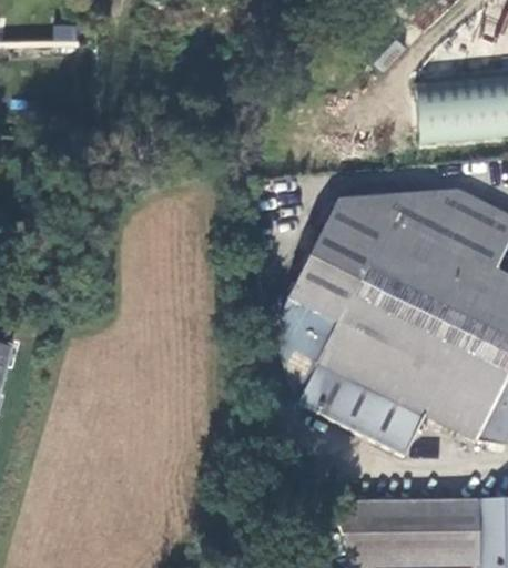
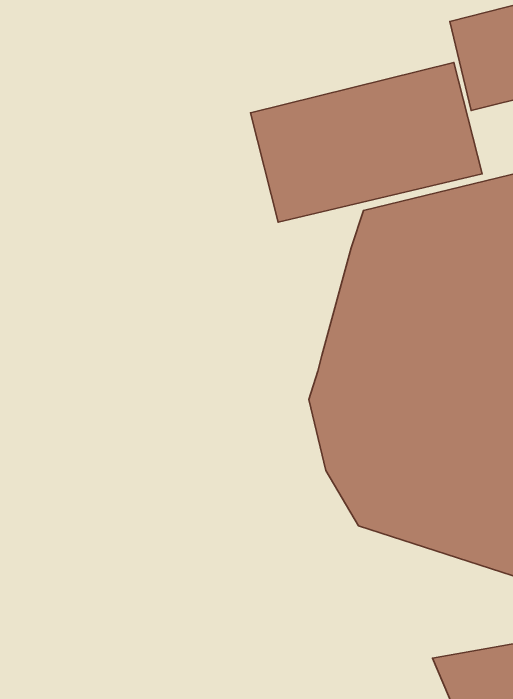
building: none -> [250,62,482,222]

